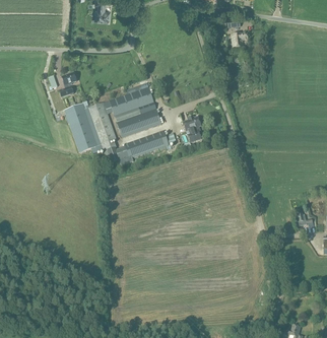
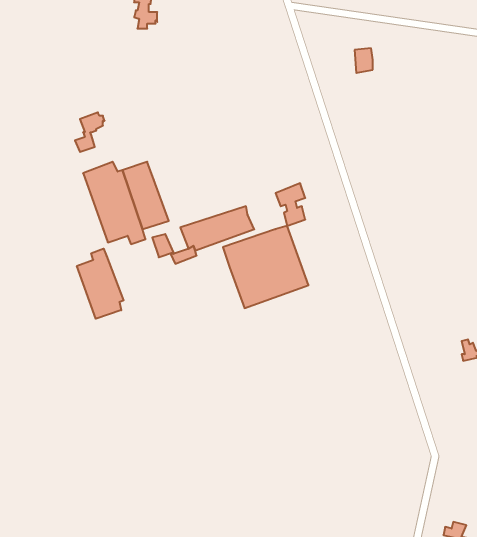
building: [108,87,160,138] -> [223,226,309,308]
building: none -> [77,249,124,319]

